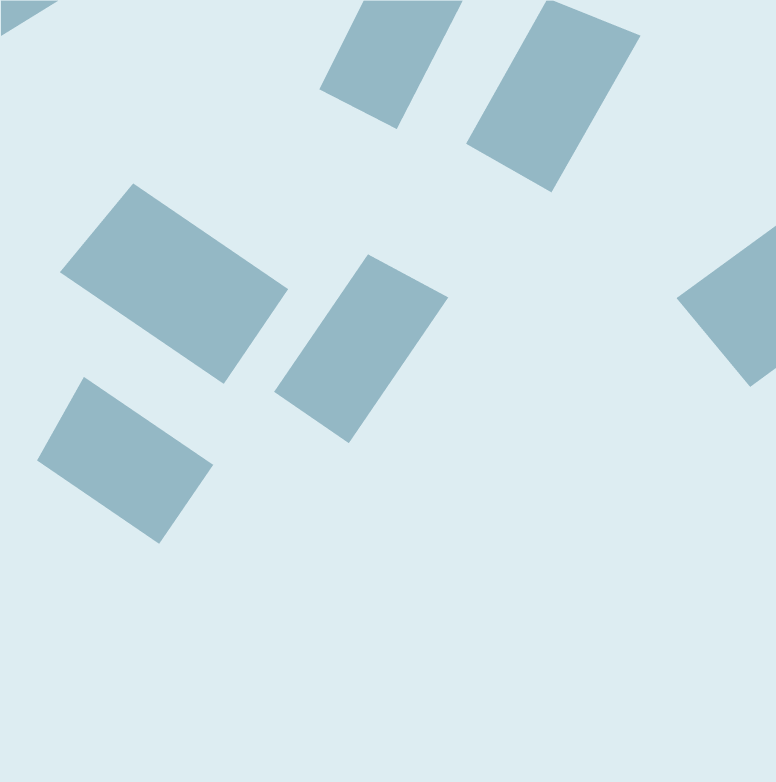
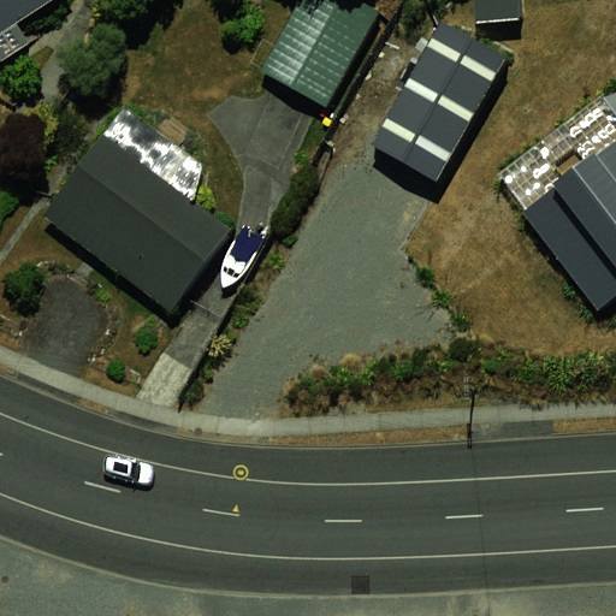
building: [273,253,449,444] -> none
building: [36,376,214,545] -> none

